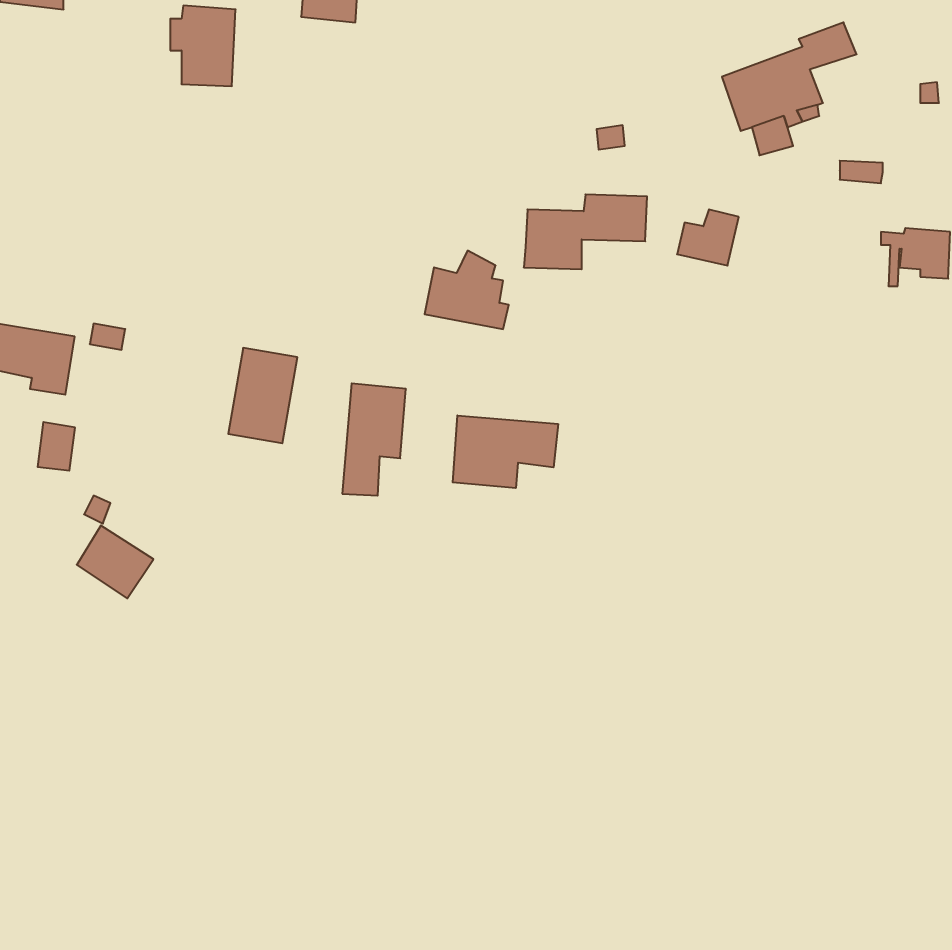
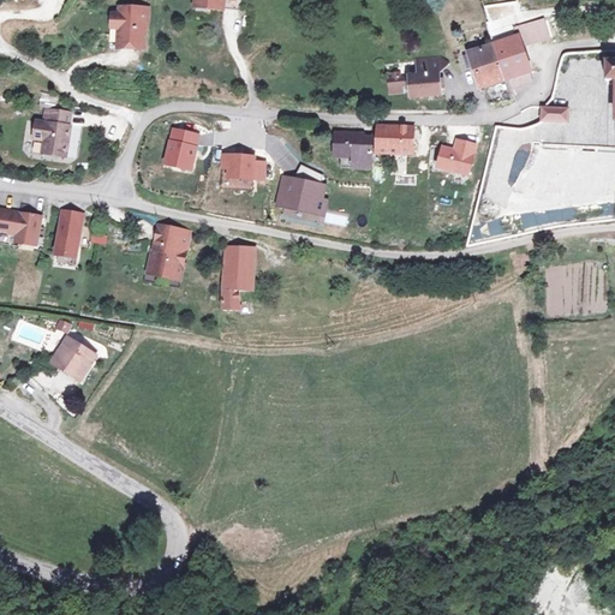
building: none -> [410,55,447,103]
building: none -> [26,105,74,156]
building: none -> [162,125,197,165]
building: none -> [220,150,263,174]
building: [453,415,558,488] -> none
building: [38,422,75,471] -> [54,221,78,252]

